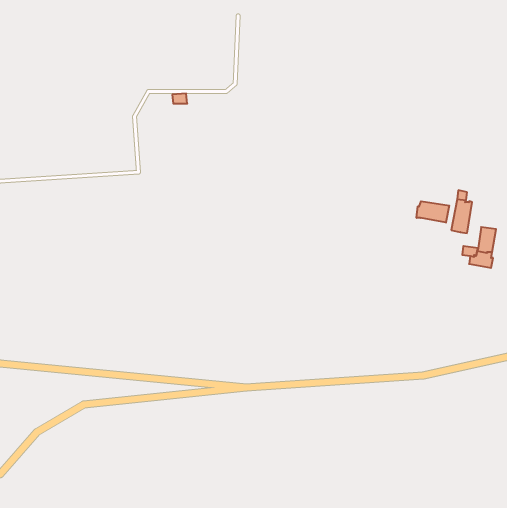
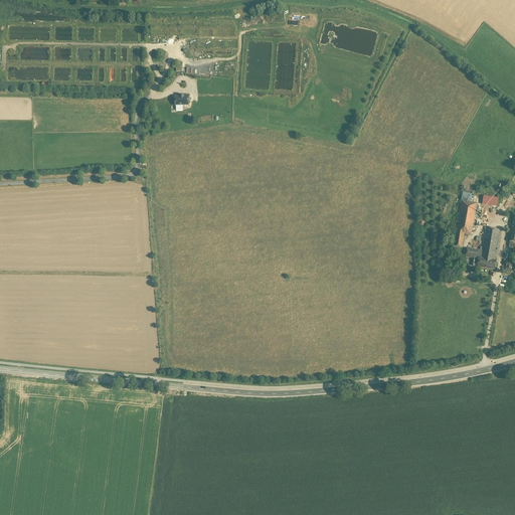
building: [417,201,449,223] -> none

